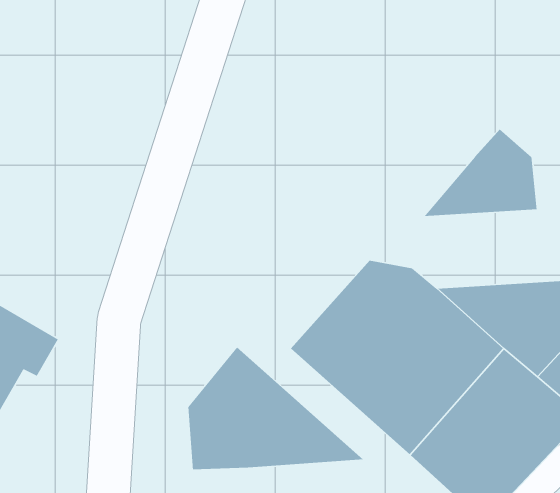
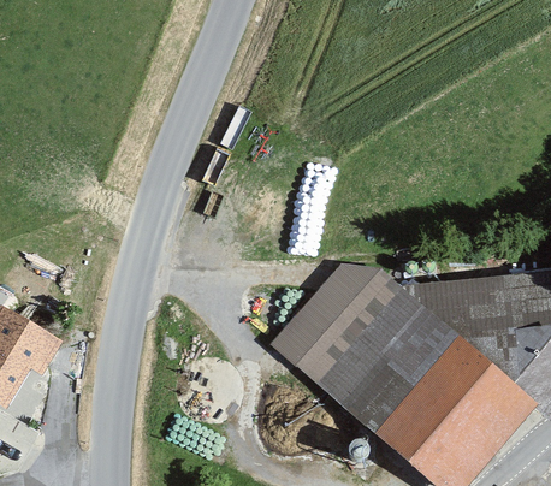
building: [423,129,537,217] -> none
building: [187,347,364,470] -> none

